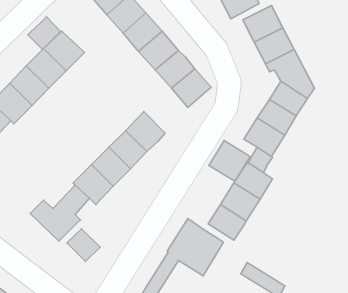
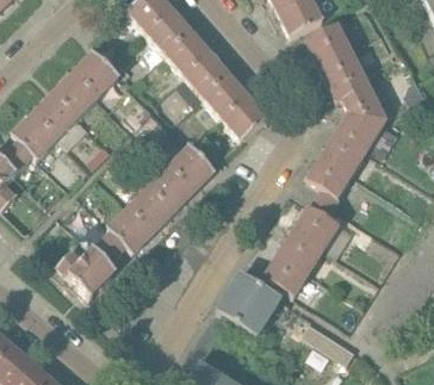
building: [28,17,60,49] -> none
building: [209,141,250,181] -> none
building: [67,229,100,261] -> none

